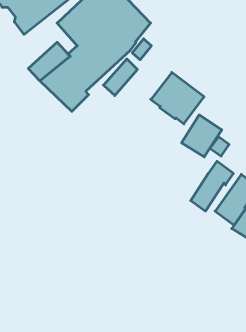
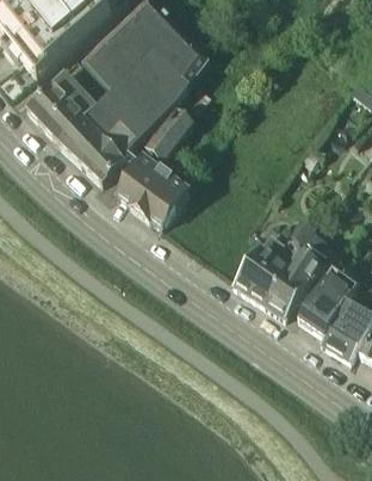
building: none -> [27,68,82,121]
building: [151,72,204,124] -> [117,153,190,223]
building: [182,115,222,157] -> [234,243,289,301]

